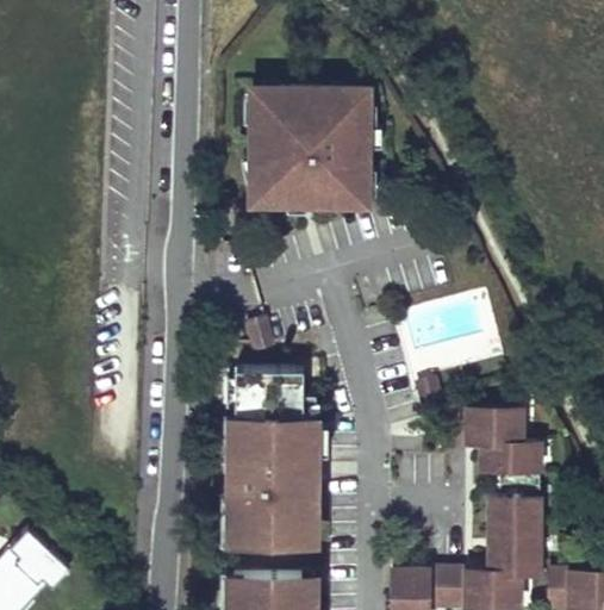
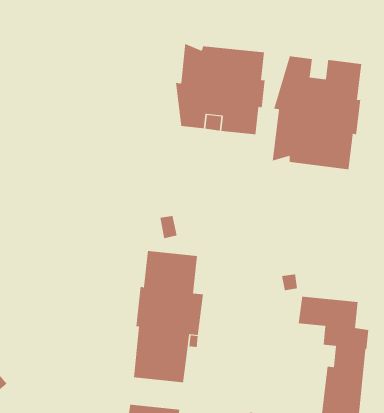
building: none -> [272,55,362,170]

